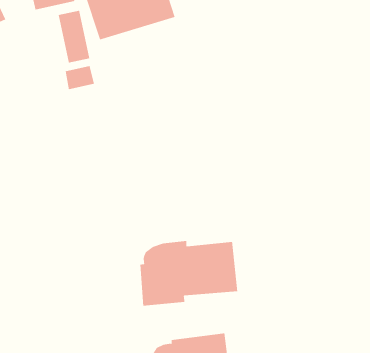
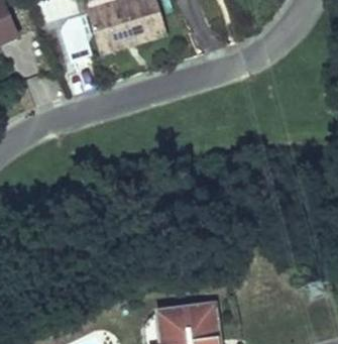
building: [140,240,238,306] -> none

